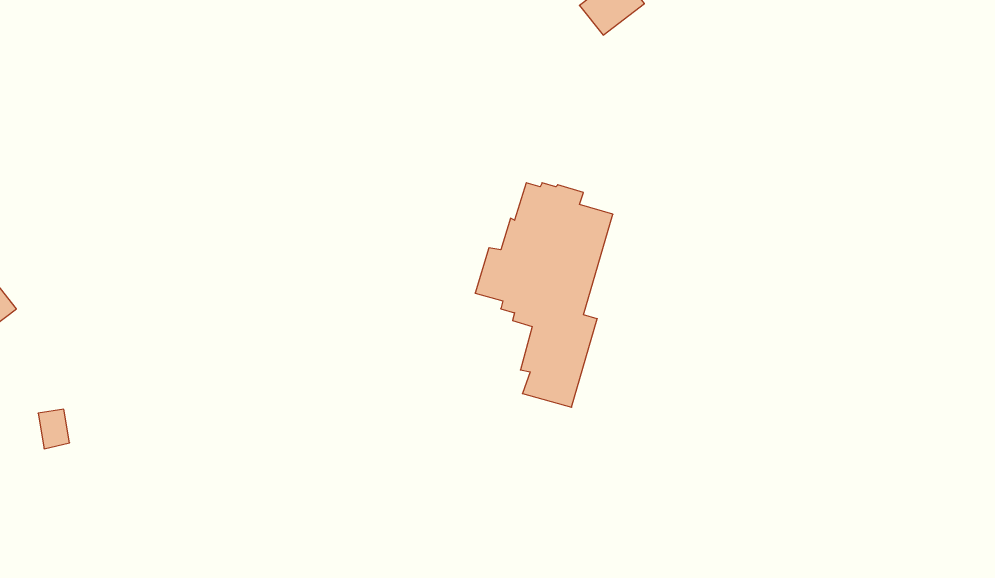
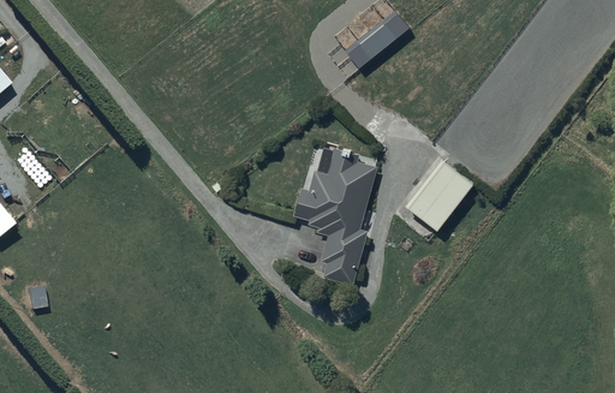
building: none -> [405,160,472,231]

